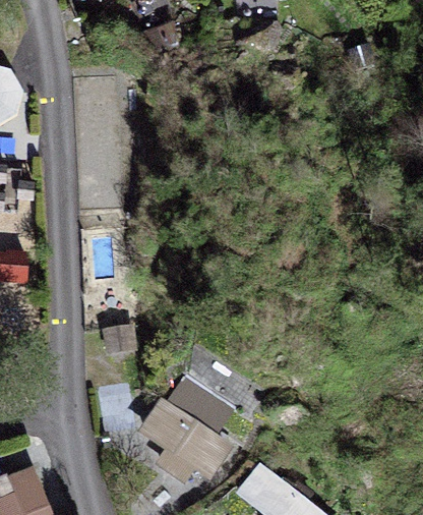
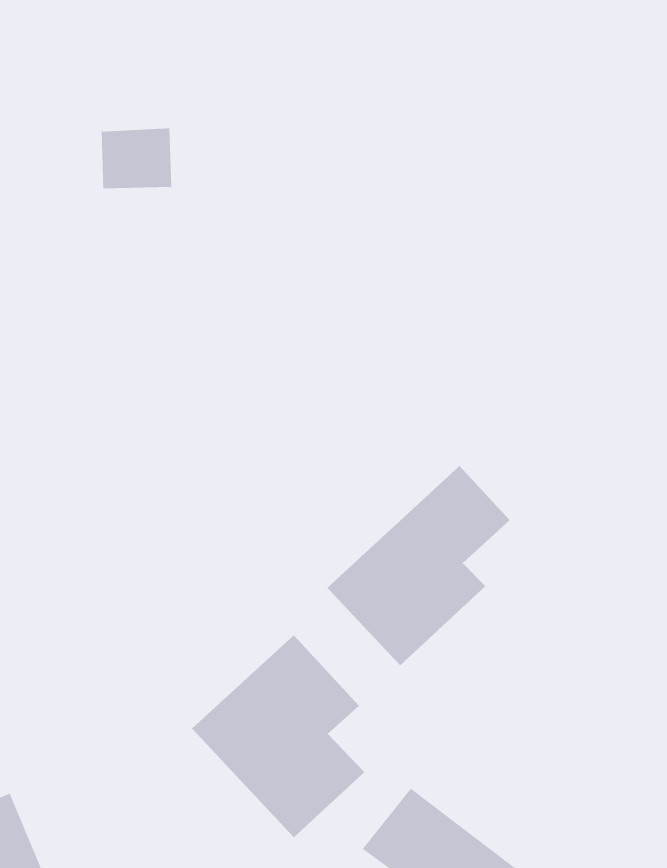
building: none -> [326,465,511,666]

